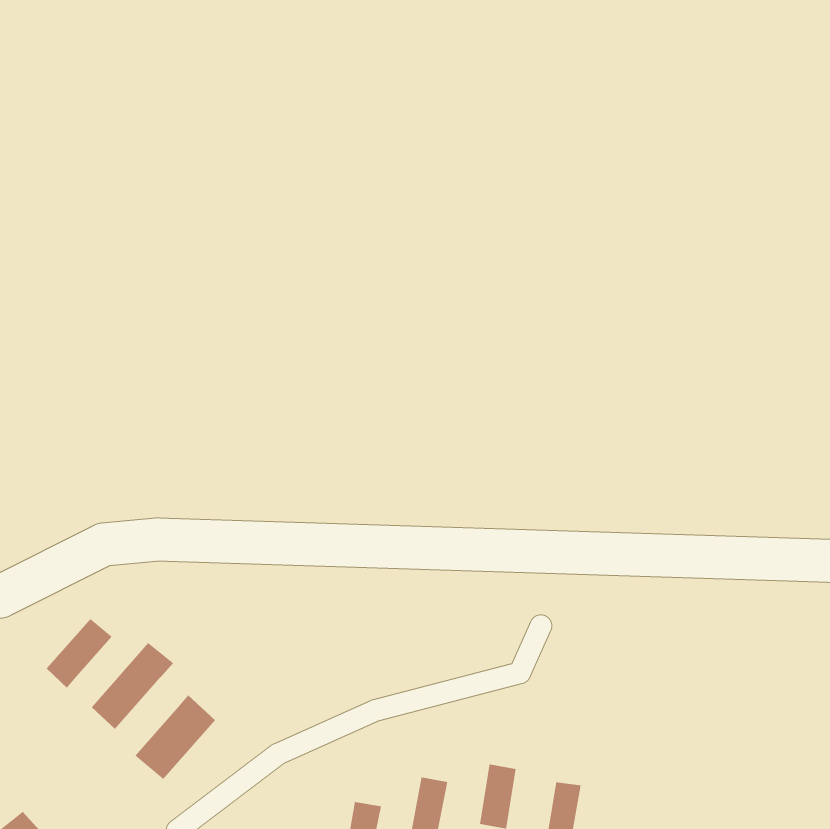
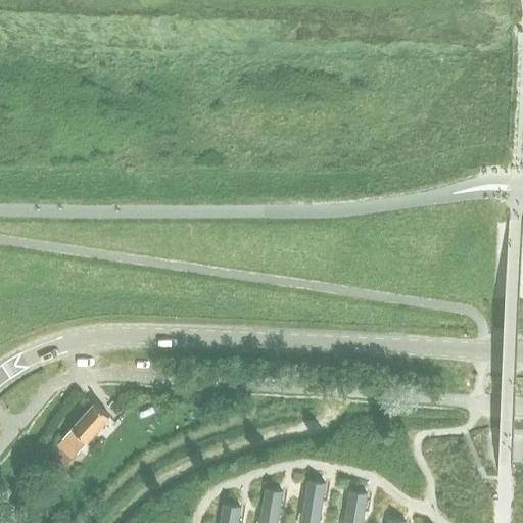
building: [46,618,113,688] -> none
building: [134,694,216,780] -> none

